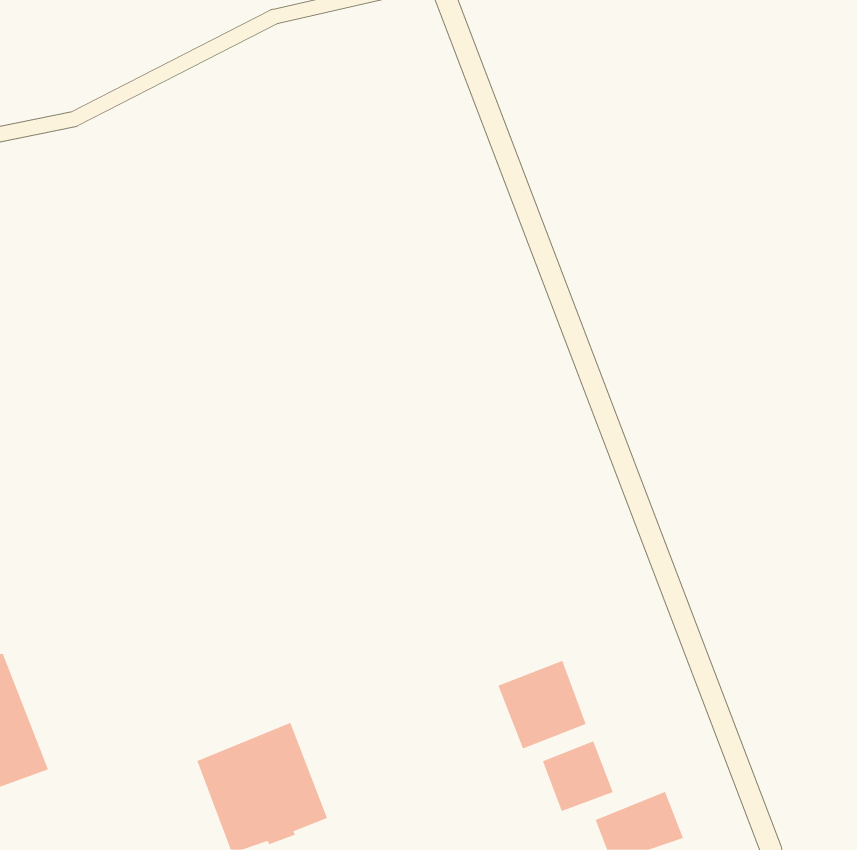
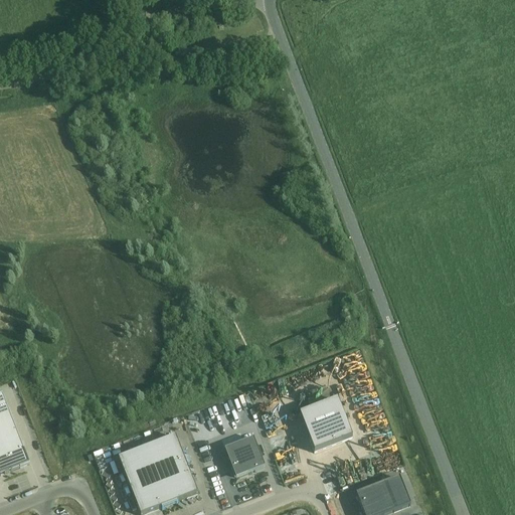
building: none -> [223,435,265,474]
building: [542,740,613,812] -> none

